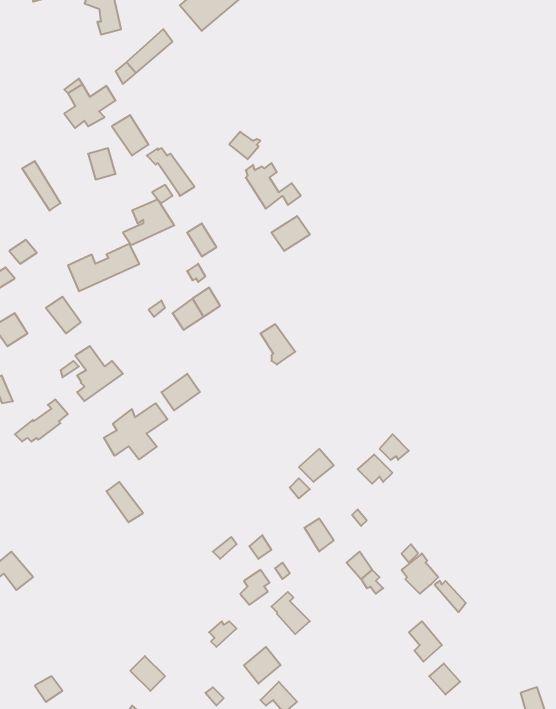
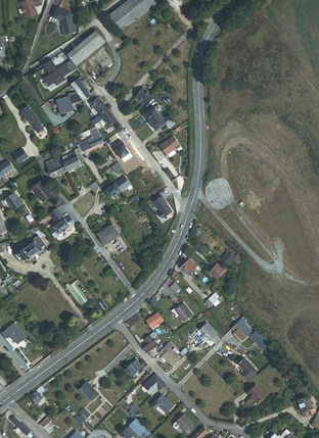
building: [104,403,167,459] -> none

